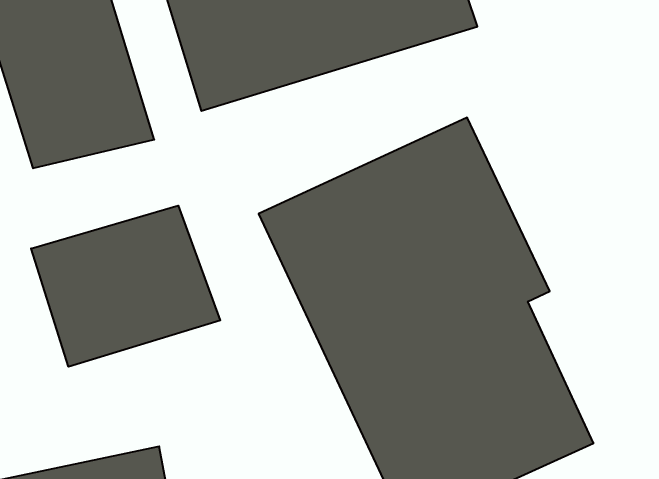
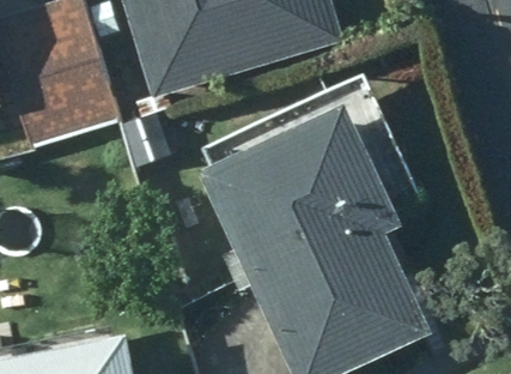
building: [31,206,220,367] -> none

